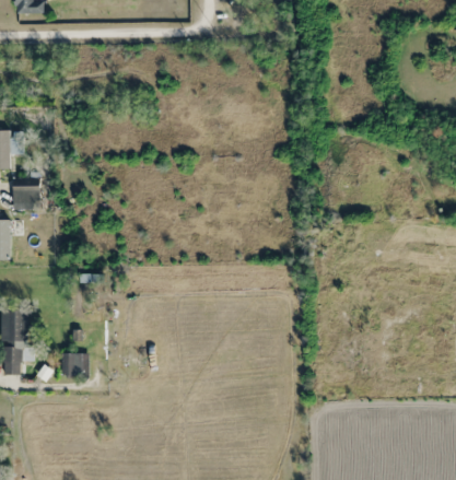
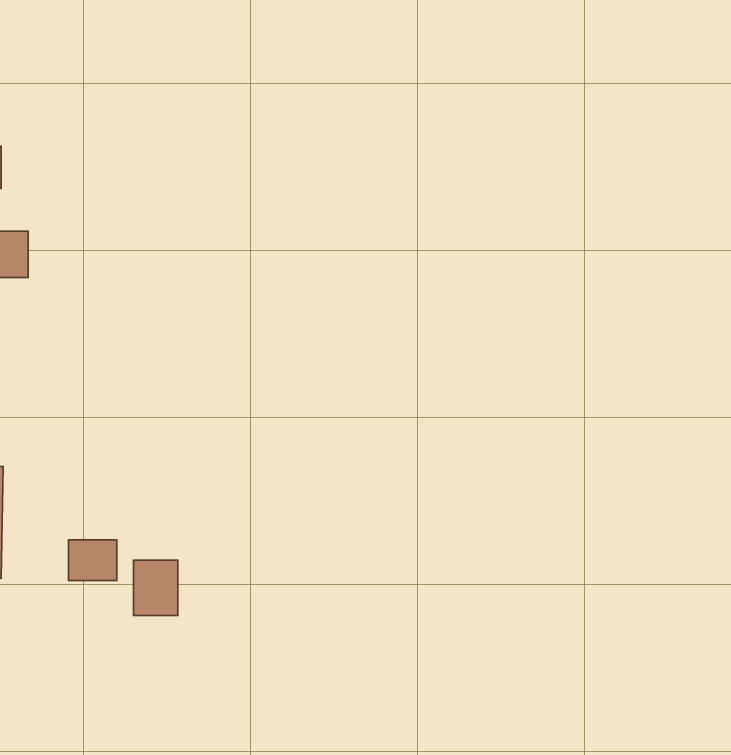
building: none -> [134,560,178,616]

